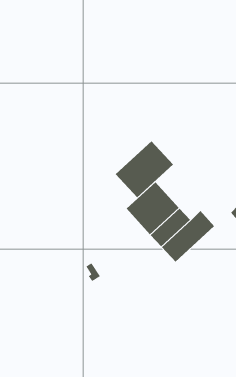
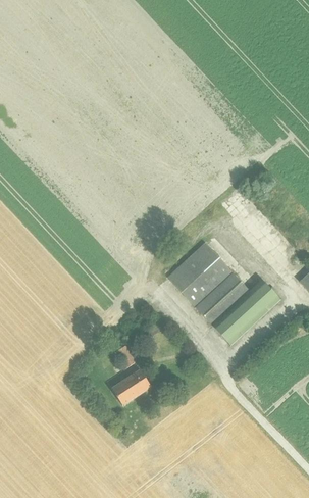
building: [115,140,174,198] -> none
building: none -> [112,368,152,404]

